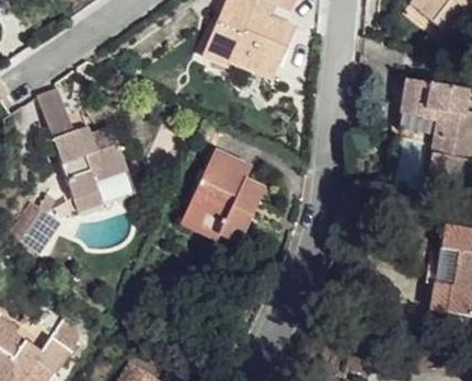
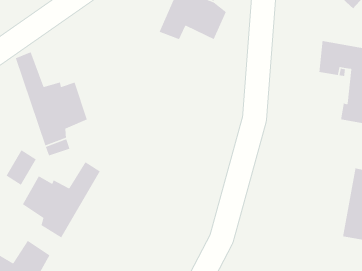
building: [185,161,270,257] -> none
building: none -> [22,161,101,238]

